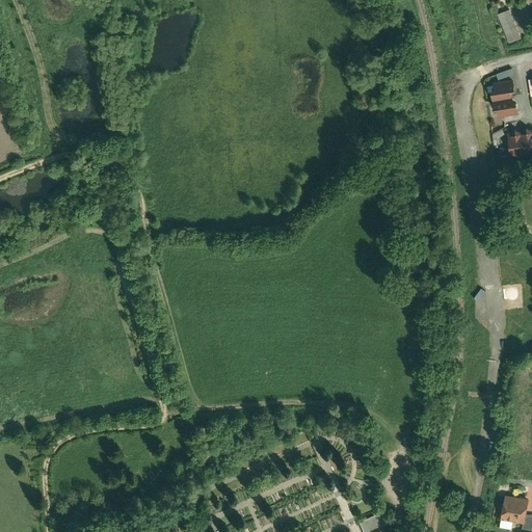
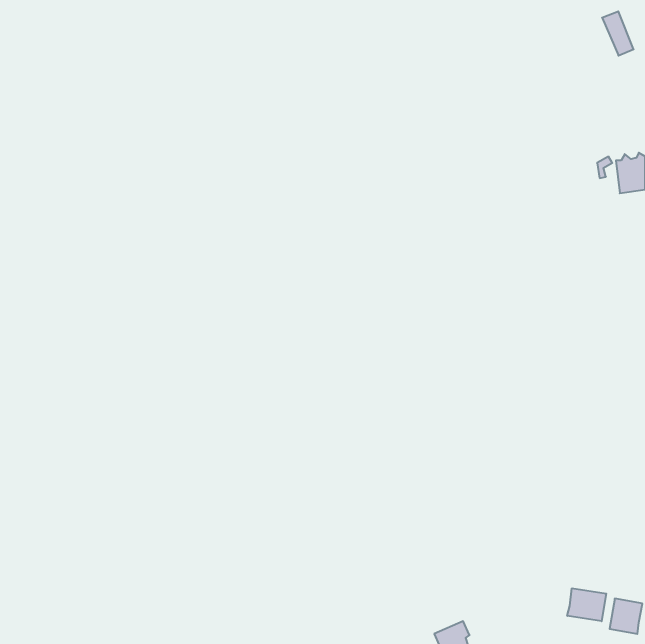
building: [490,79,518,118] -> none
building: none -> [567,588,606,621]

